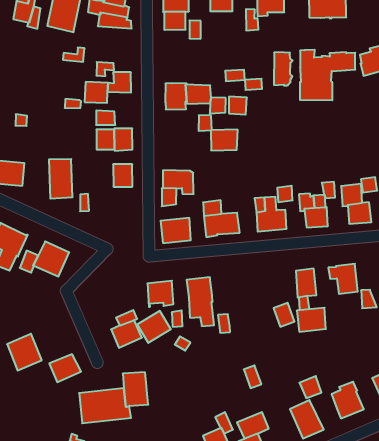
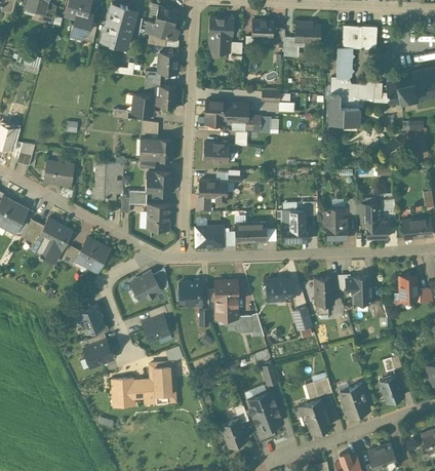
building: none -> [158,53,177,74]
building: [274,52,293,86] -> [335,48,354,79]
building: [211,130,238,150] -> [203,143,229,162]
building: none -> [147,204,169,230]
building: [297,308,326,332] -> [266,279,291,300]
building: [137,311,171,343] -> [131,273,162,302]
building: [7,334,42,371] -> [75,301,106,333]
building: none -> [247,391,276,415]

